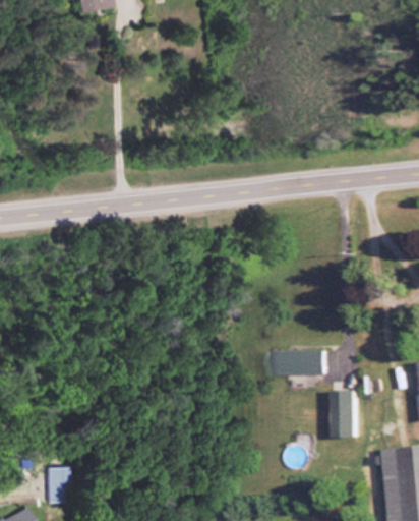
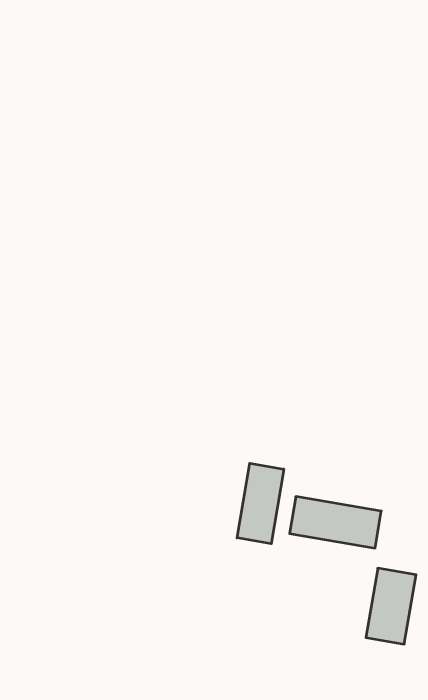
building: none -> [237,463,284,544]

